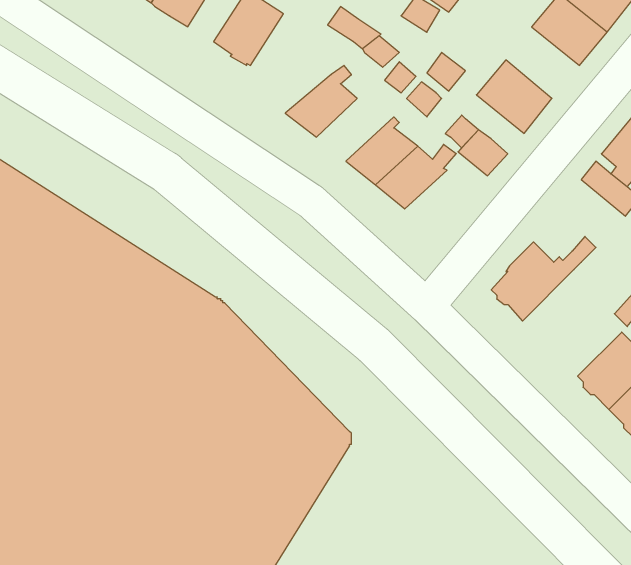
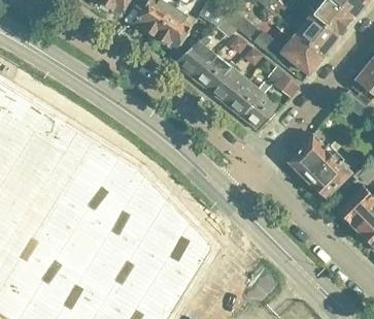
building: none -> [155,8,195,51]
building: none -> [288,8,339,56]
building: none -> [192,56,235,91]
building: none -> [241,96,280,132]
building: none -> [307,152,350,198]

